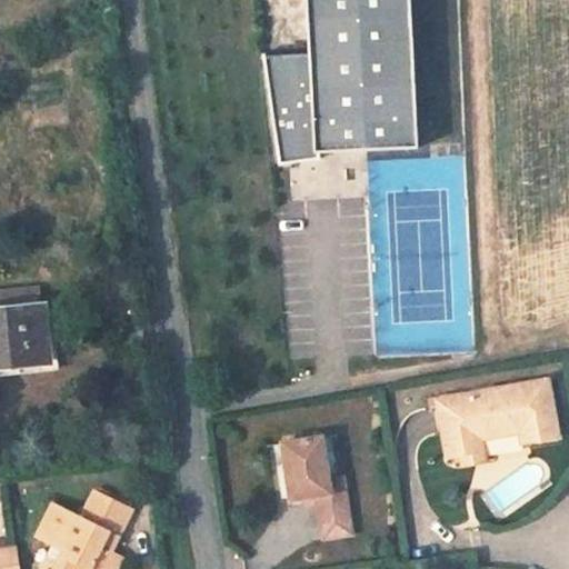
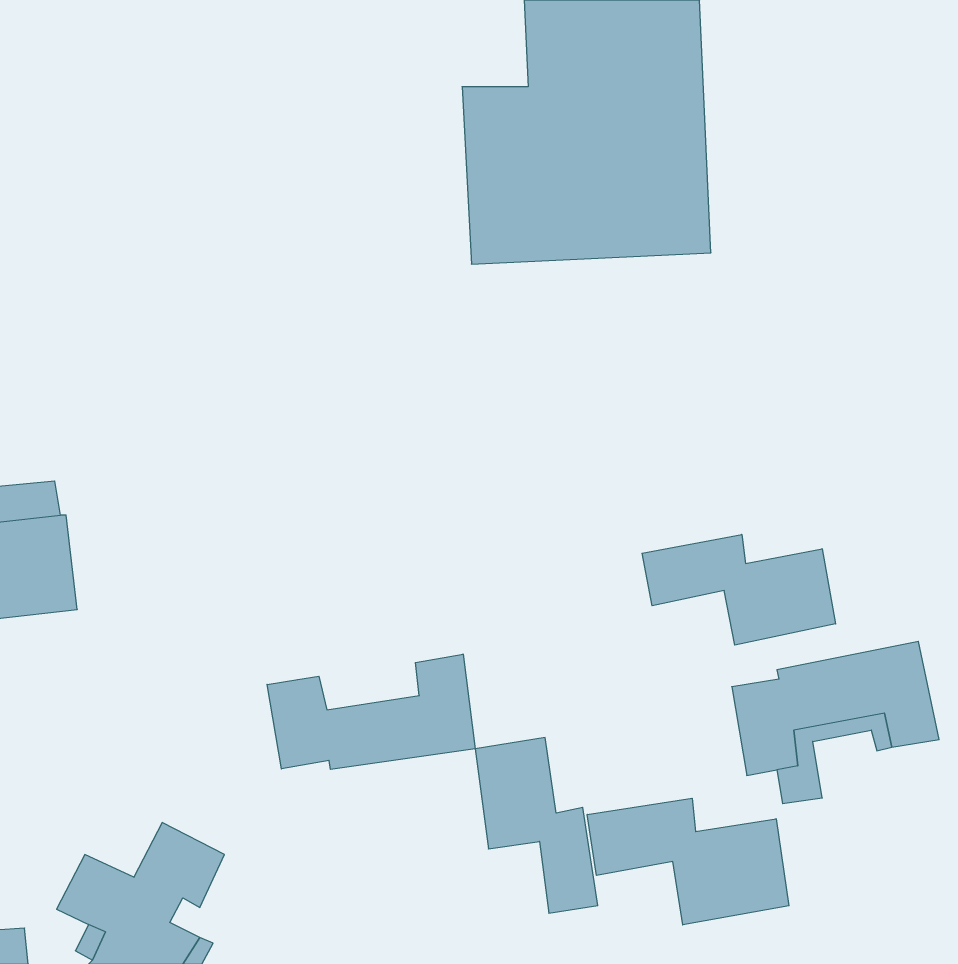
building: none -> [642,534,836,645]
building: none -> [267,654,475,769]
building: none -> [587,798,789,925]

